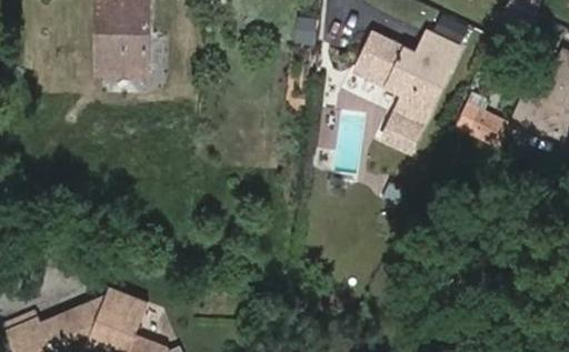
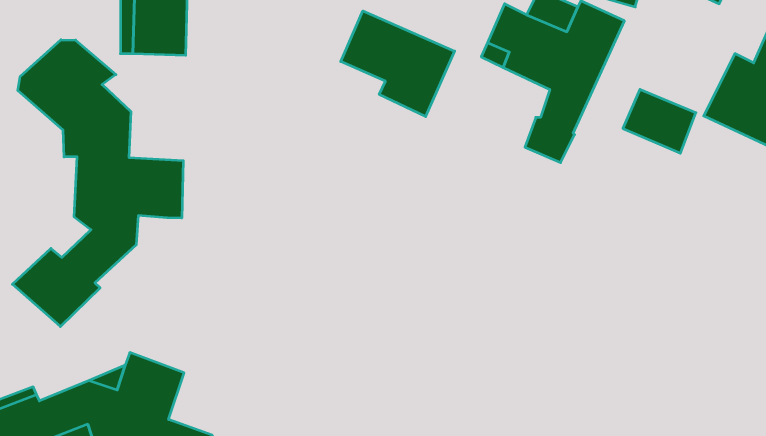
building: none -> [341,11,455,117]
building: none -> [12,40,183,327]

